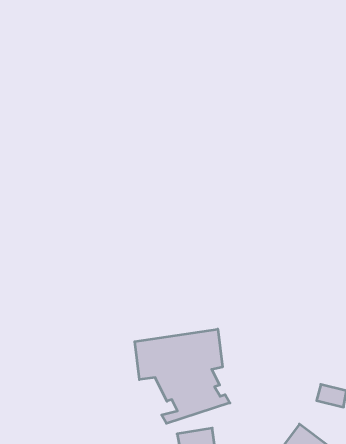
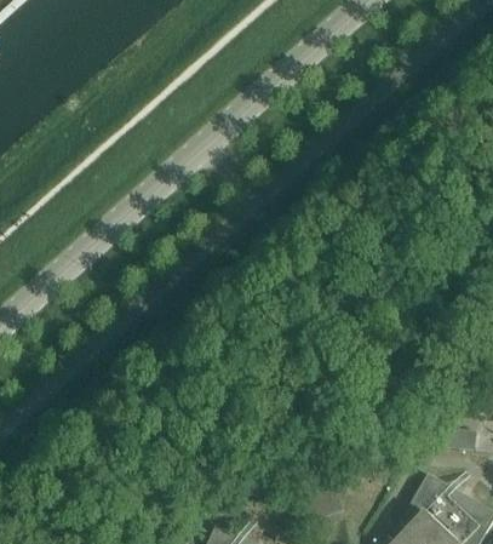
building: [135,329,230,423] -> none

